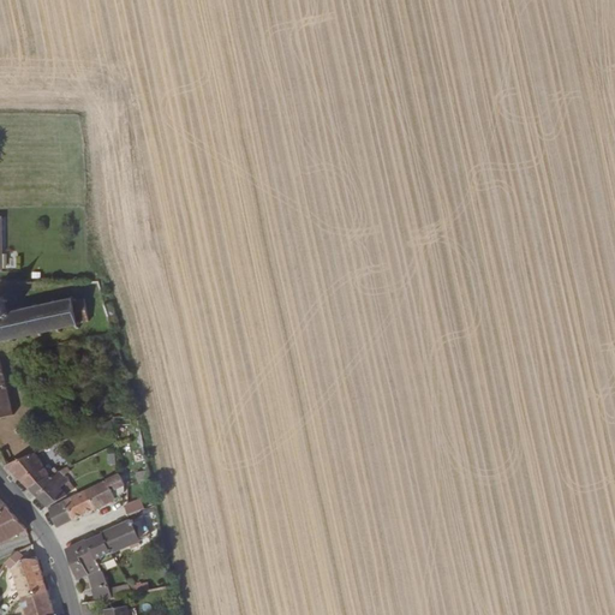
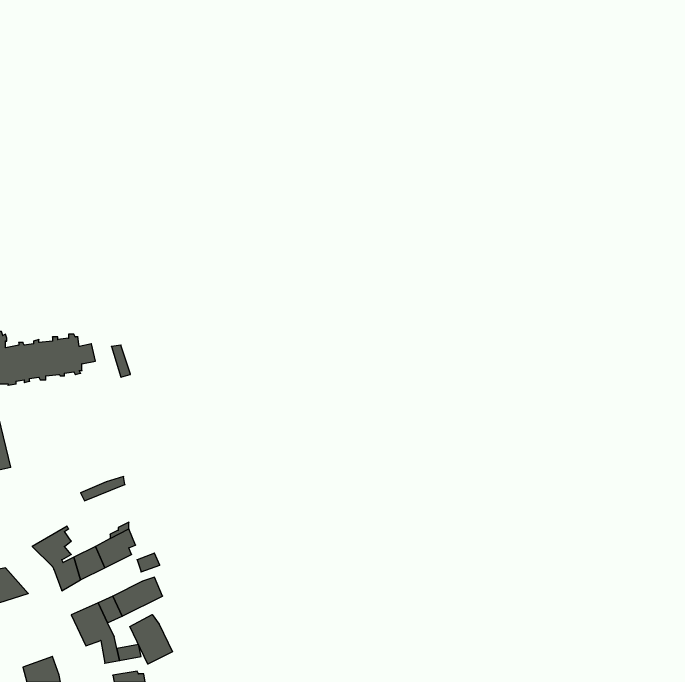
building: [5,458,60,489] -> none
building: [7,549,47,597] -> none
building: none -> [130,615,172,664]

